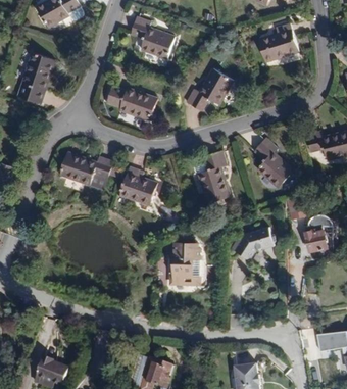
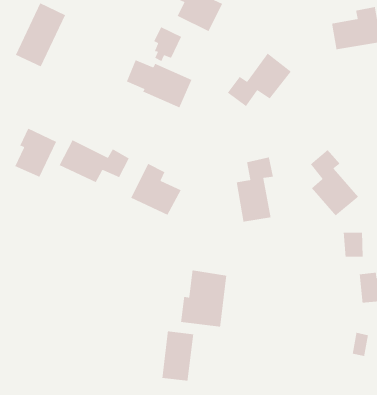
building: none -> [153,26,182,62]
building: none -> [14,128,57,178]
building: [234,229,272,258] -> none
building: none -> [161,331,194,382]

